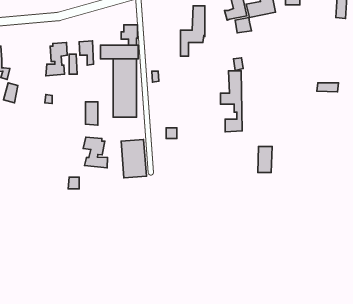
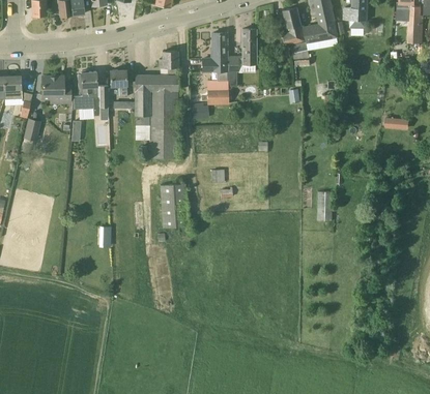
building: none -> [40,77,70,102]
building: [221,71,242,132] -> [202,33,227,103]
building: [85,102,98,125] -> [135,90,149,117]
building: [83,137,107,168] -> none

